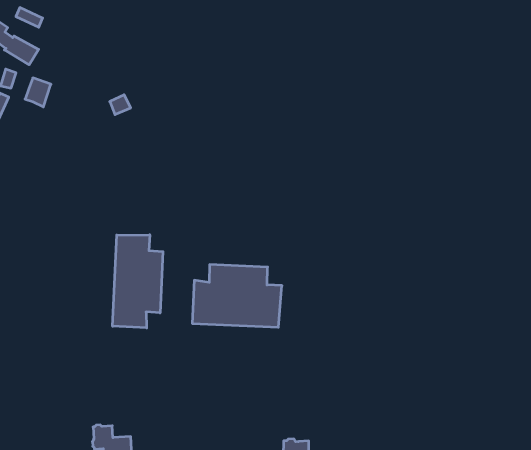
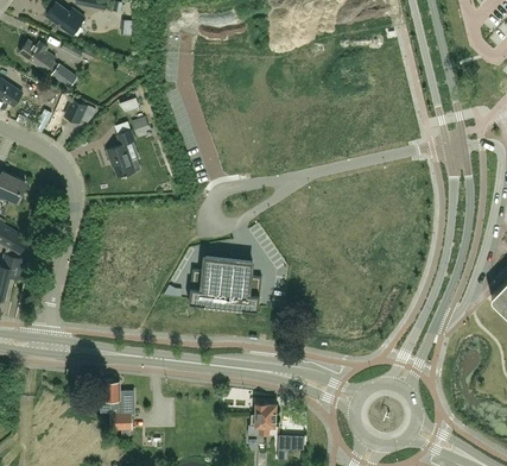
building: none -> [107,131,140,177]
building: [113,235,163,328] -> none

